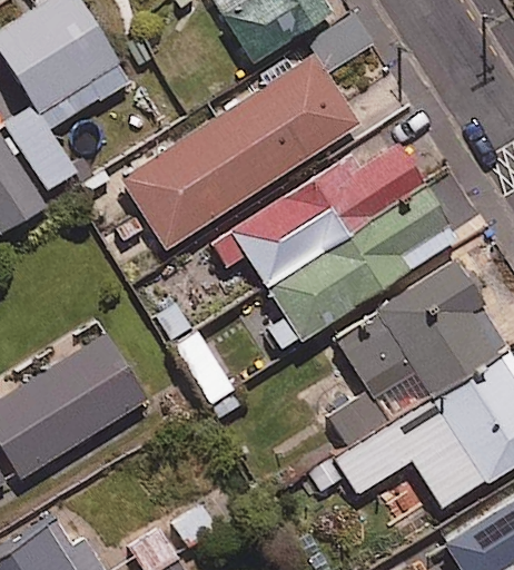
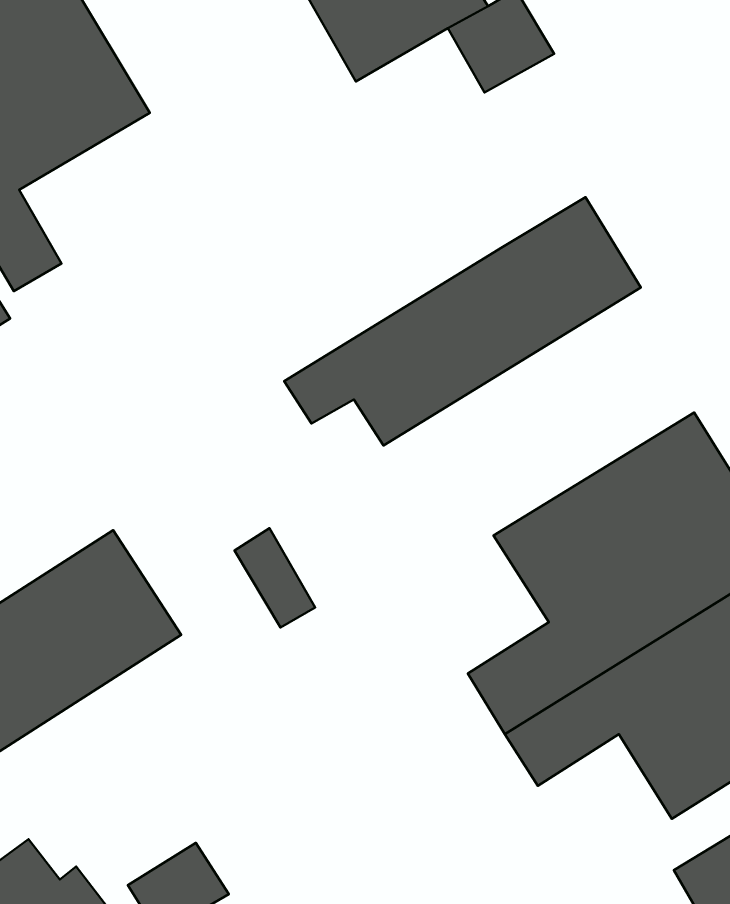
building: [122,55,360,248] -> none
building: [269,187,459,338] -> none

